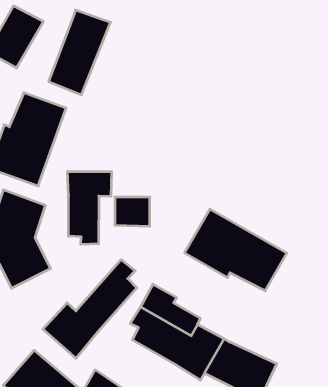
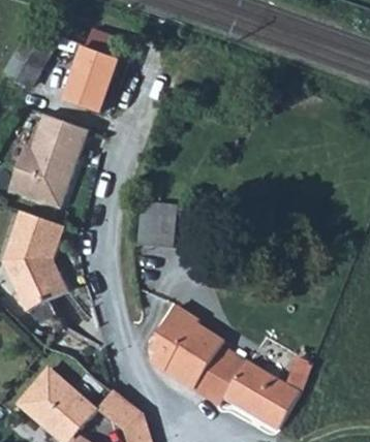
building: [68,171,111,244] -> none
building: [185,209,287,291] -> none
building: [43,260,137,358] -> none

